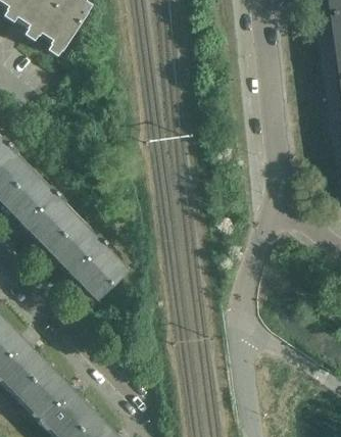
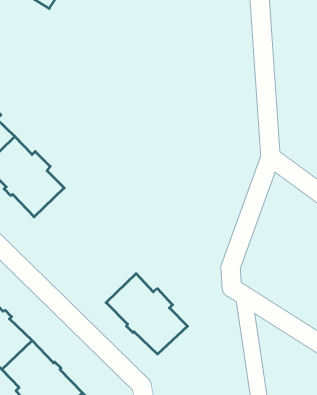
building: [46,220,124,296] -> [106,274,188,354]

